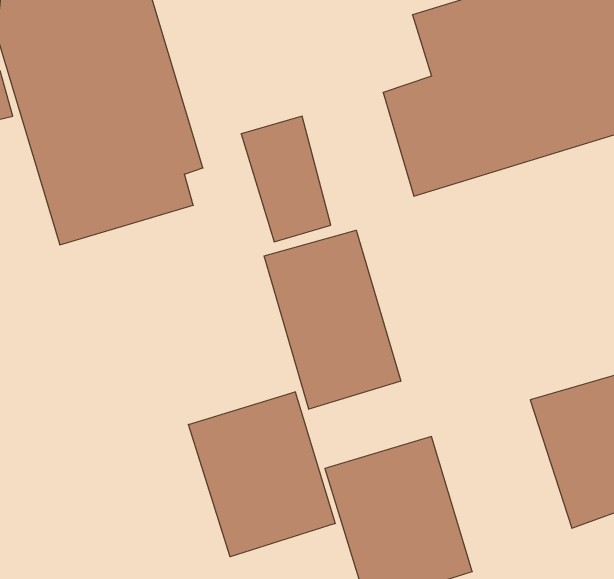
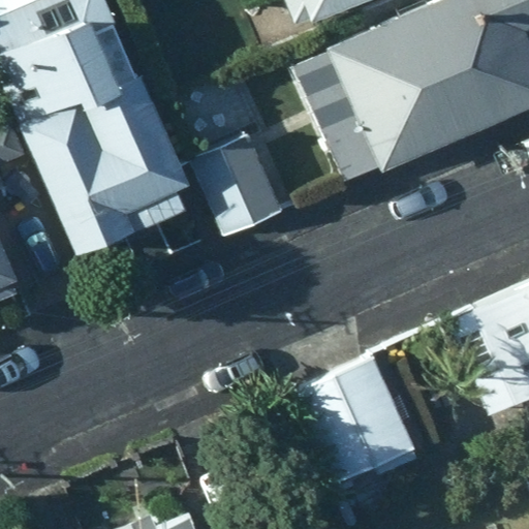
building: [264,230,401,409] -> none
building: [188,392,335,557] -> none

